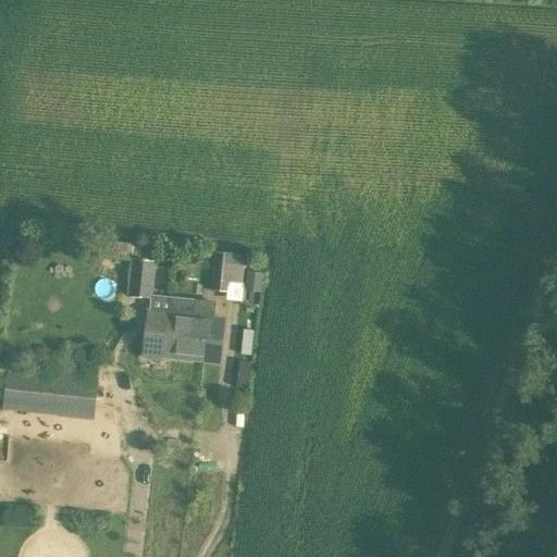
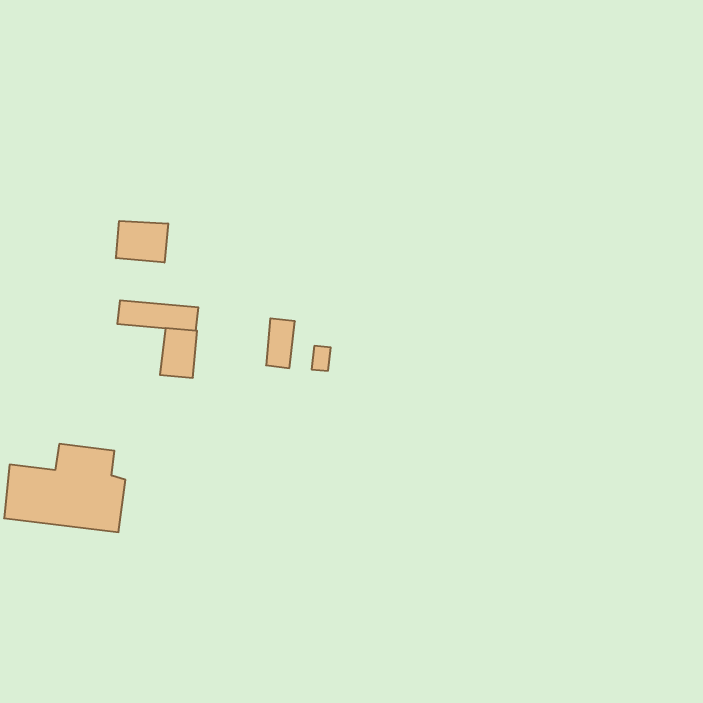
building: none -> [116,221,168,263]
building: [141,297,223,364] -> none

